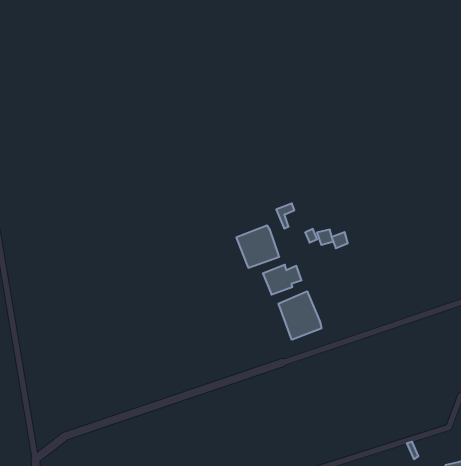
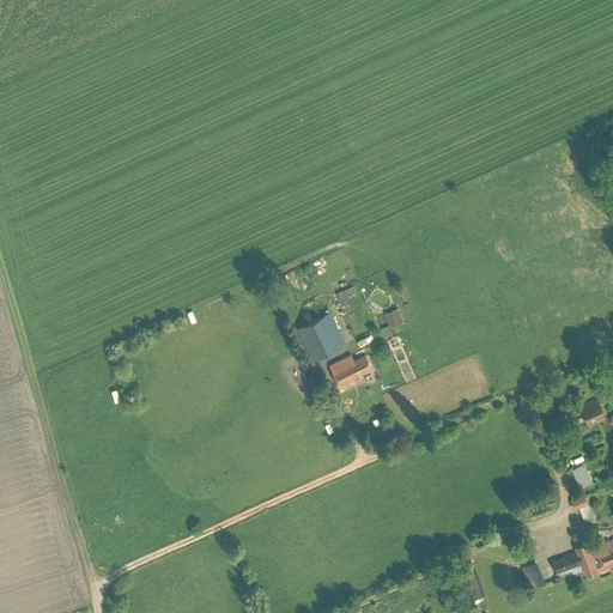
building: [278,291,321,340] -> none

